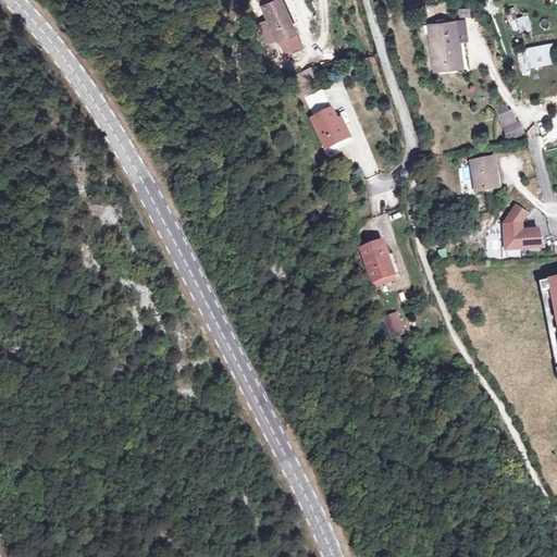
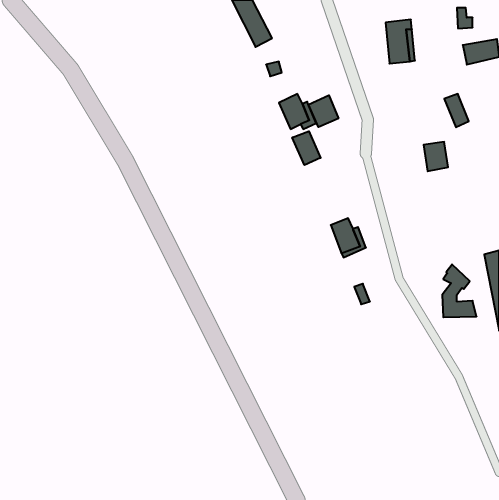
building: none -> [308,95,338,127]
building: none -> [292,131,321,165]
building: [503,189,541,248] -> [442,264,477,317]

